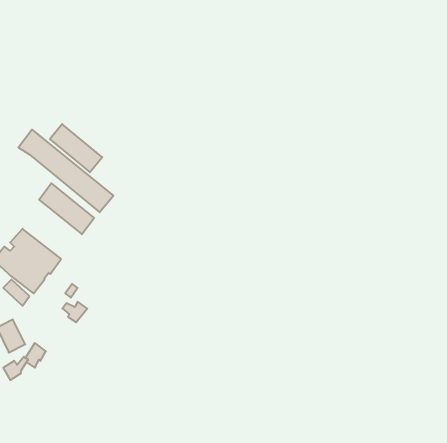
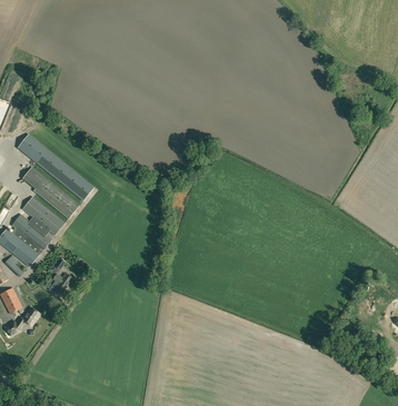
building: [50,124,102,172] -> [22,196,64,235]

